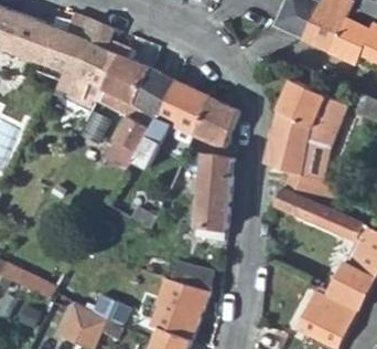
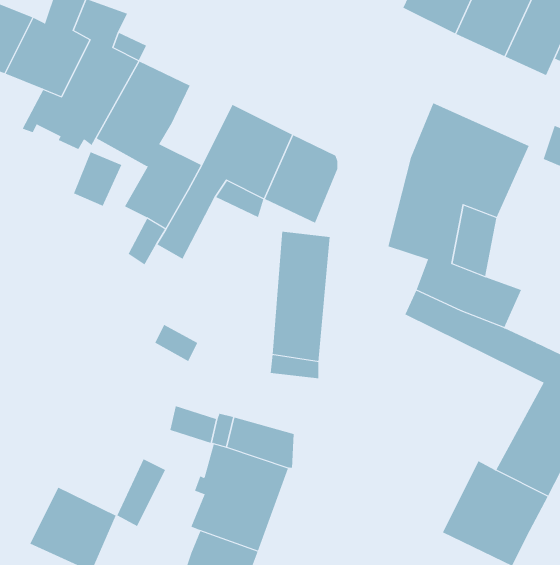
building: [132,68,174,115] -> none

